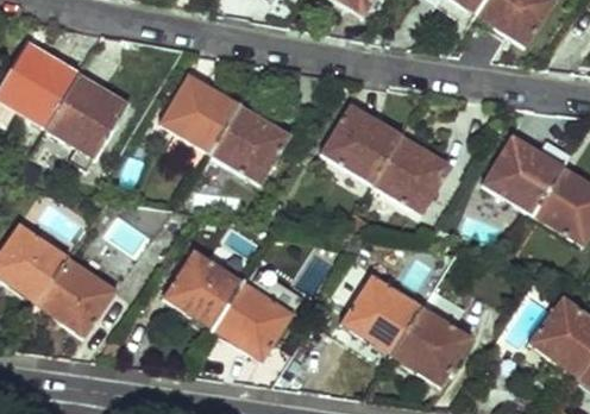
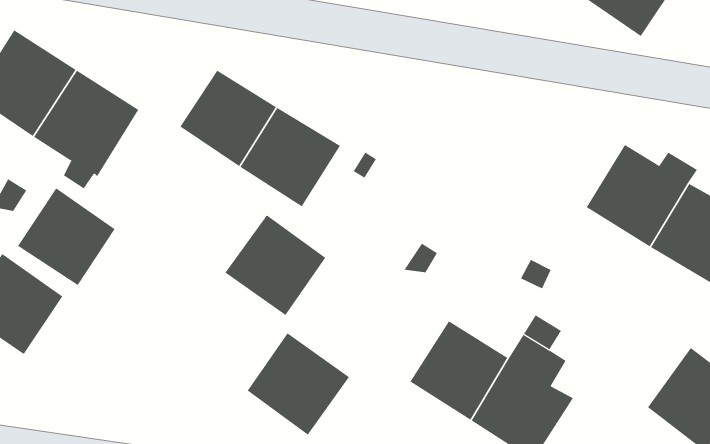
building: [320,101,451,213] -> none
building: [163,249,244,330] -> [225,214,326,316]
building: [34,255,113,333] -> [17,187,116,286]

